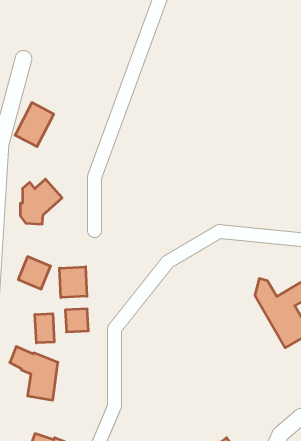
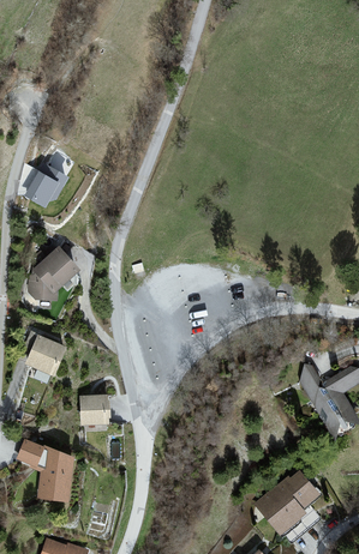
building: [60,267,87,298] -> none
building: [35,314,54,343] -> none
building: none -> [252,468,325,538]

